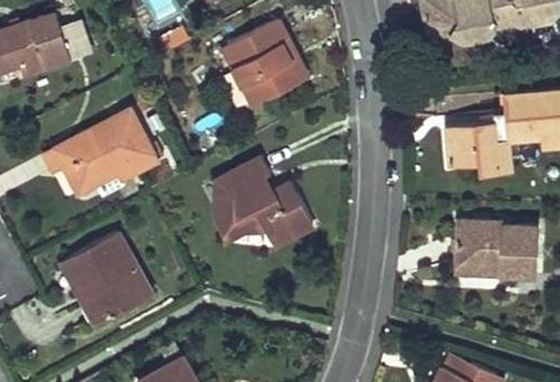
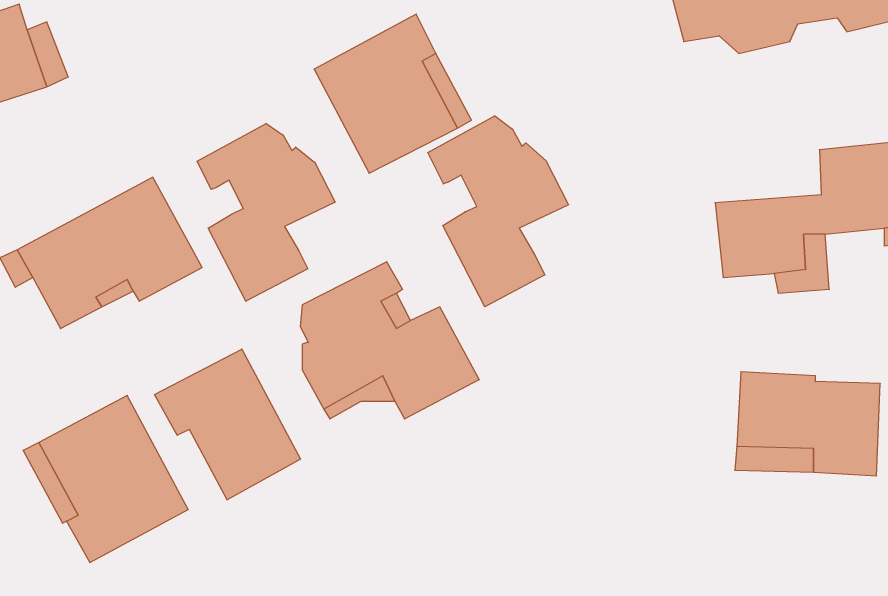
building: none -> [428,116,569,307]
building: none -> [197,124,335,301]
building: none -> [155,349,301,500]

